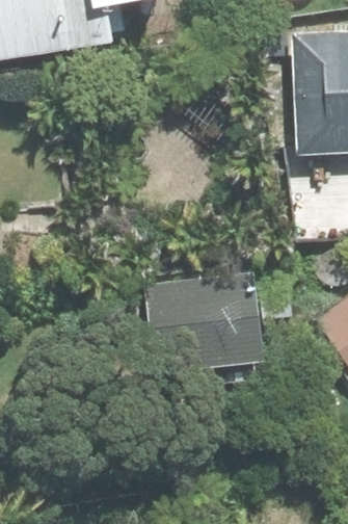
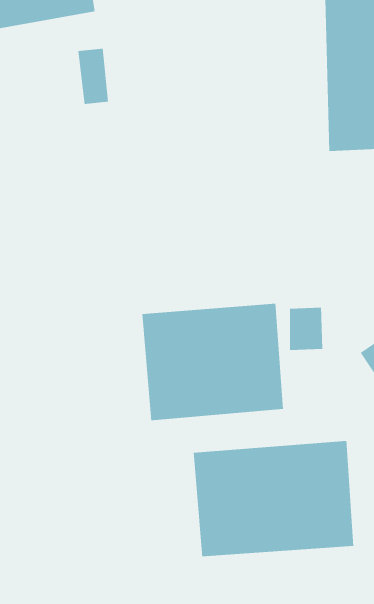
building: none -> [193,440,354,557]

